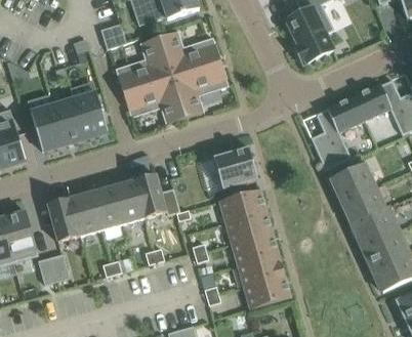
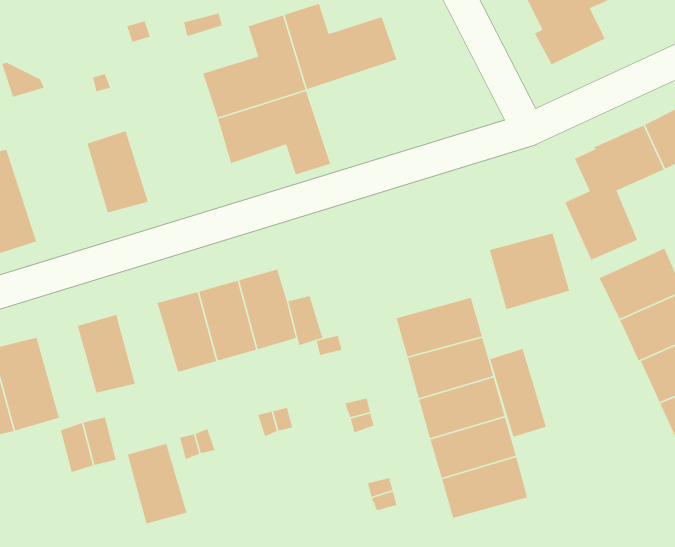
building: [171,60,229,117] -> none
building: [74,92,108,137] -> none
building: [31,106,64,151] -> none
building: [213,146,257,188] -> [489,232,570,310]
building: [69,192,101,236] -> [127,443,188,524]
building: none -> [489,348,547,438]

